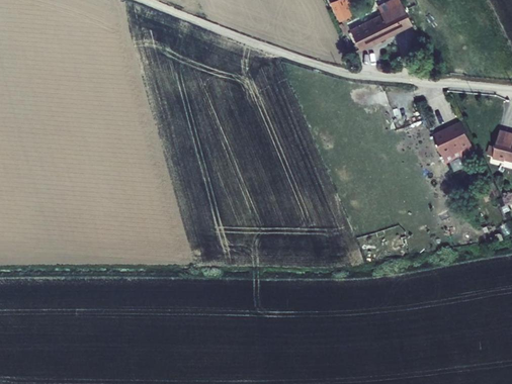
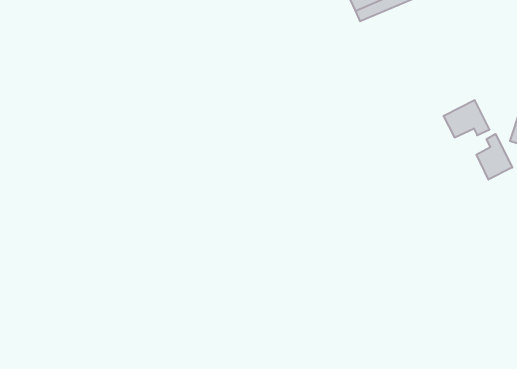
building: none -> [476,134,512,180]

